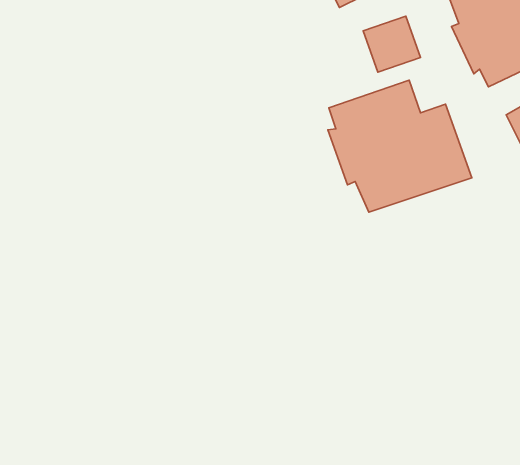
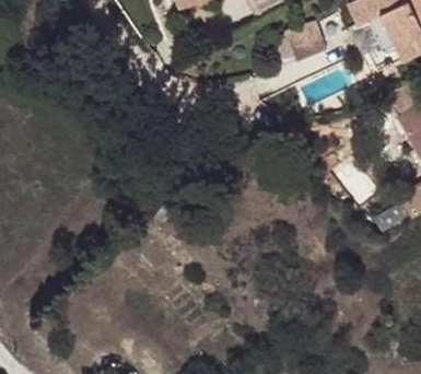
building: [328,80,472,212] -> none

